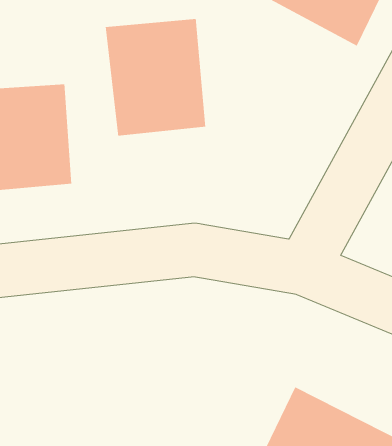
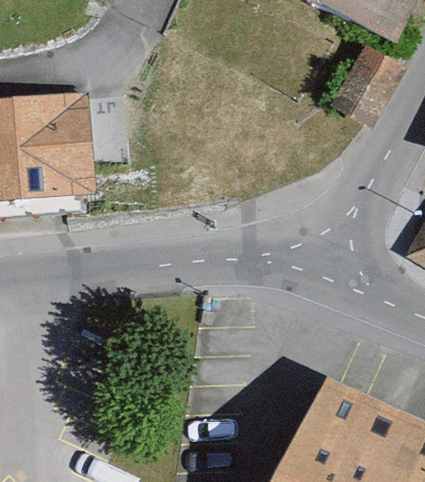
building: [105,18,206,137] -> none

